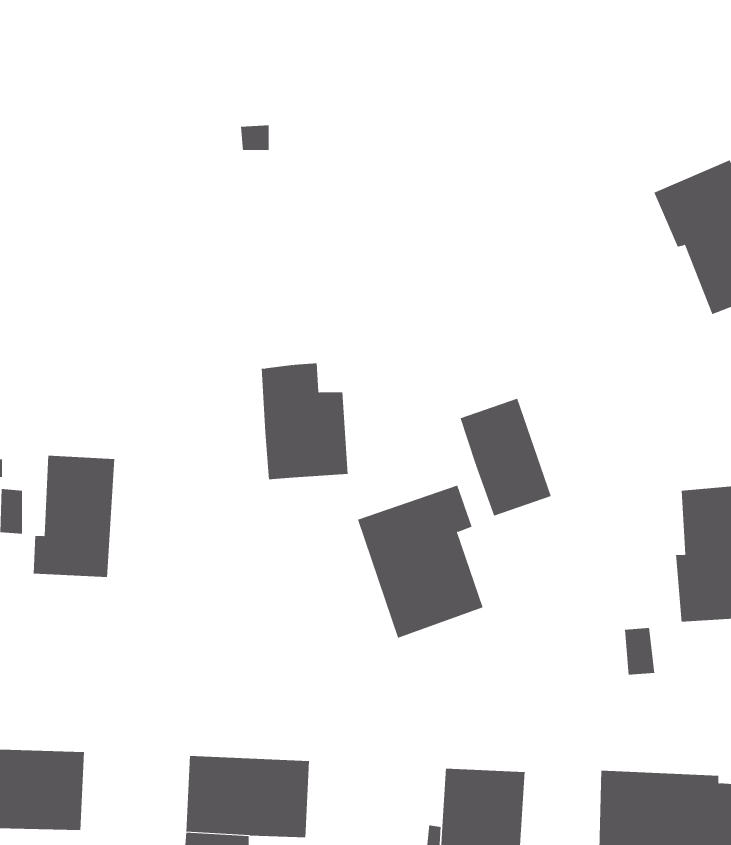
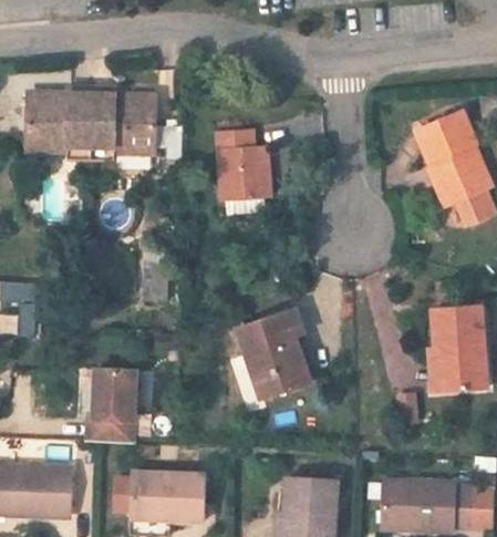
building: none -> [28,89,155,159]
building: [261,363,348,480] -> [216,128,269,199]
building: [460,398,551,516] -> none
building: [33,455,115,578] -> [85,369,135,443]

